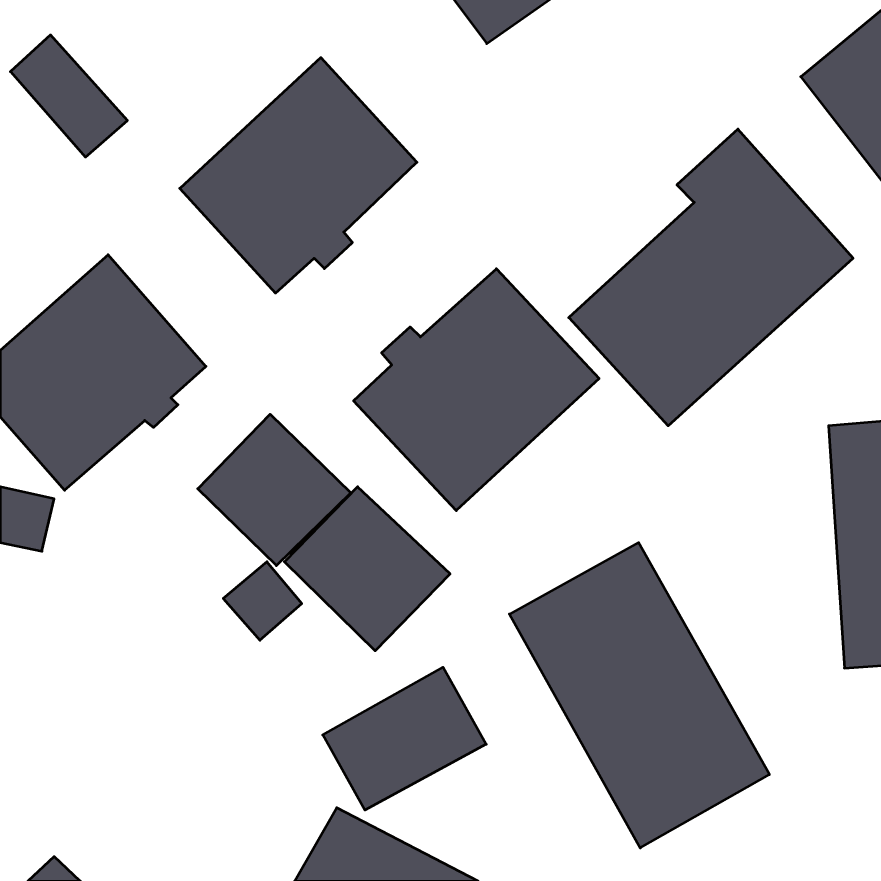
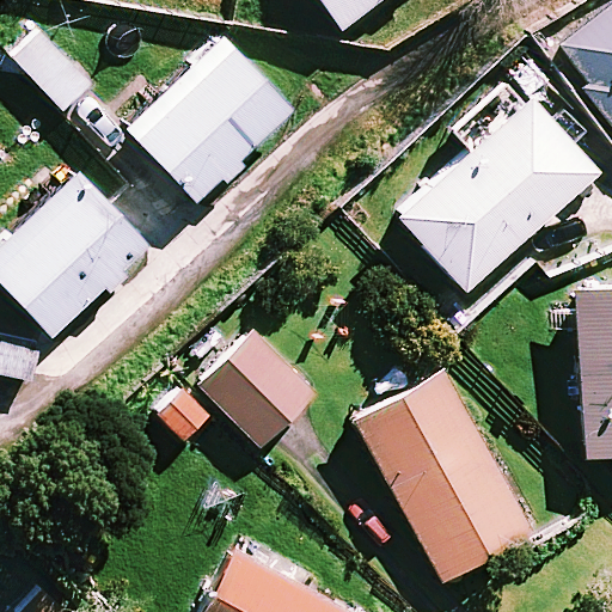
building: [354,269,599,511] -> none
building: [198,414,351,566] -> none
building: [323,667,486,810] -> none

